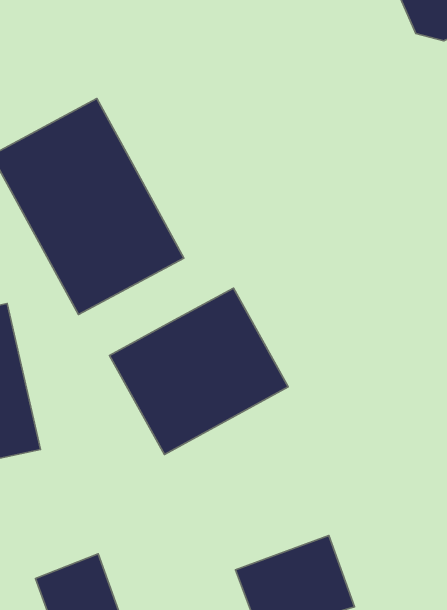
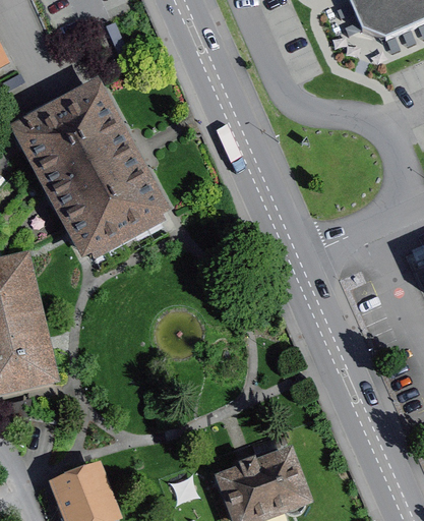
building: [110,288,288,454] -> none

